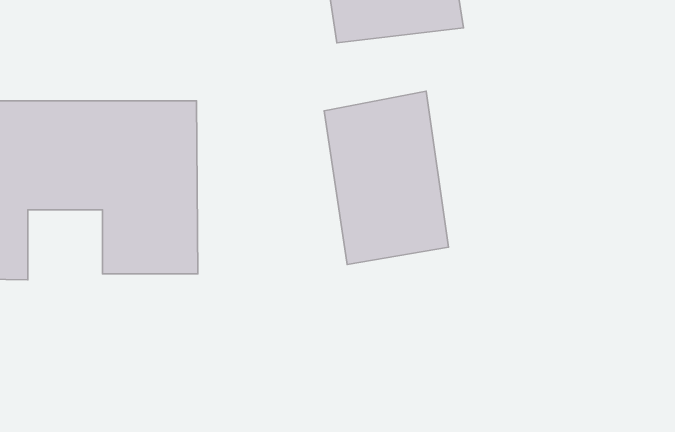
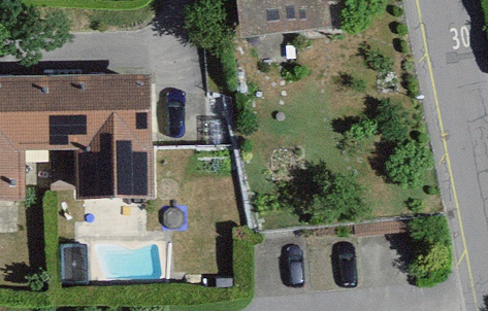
building: [324,91,448,265] -> none

